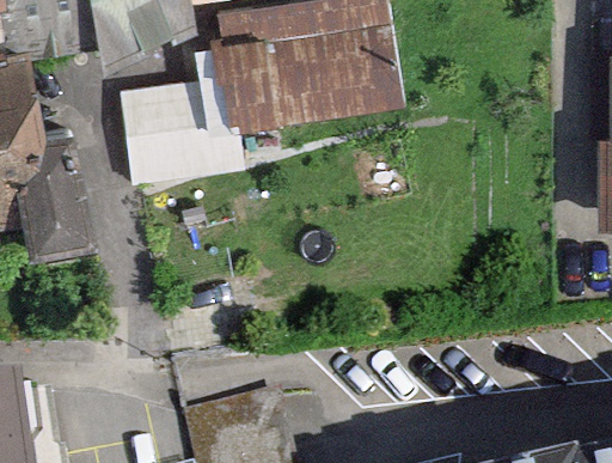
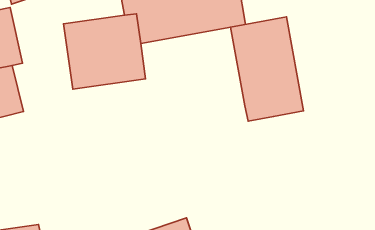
building: none -> [231,17,304,121]

